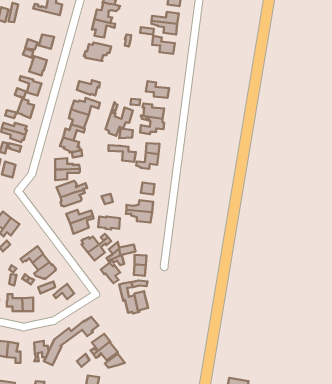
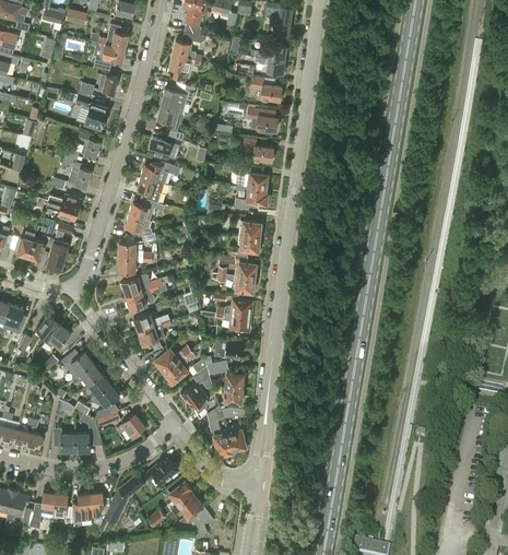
building: none -> [88,40,126,72]
building: none -> [156,107,185,140]
building: none -> [247,108,277,135]
building: [106,102,133,136] -> none
building: [109,145,136,162] -> [220,256,257,279]
building: [98,217,120,229] -> [216,342,246,359]
building: none -> [62,351,95,378]
building: none -> [72,494,93,521]

